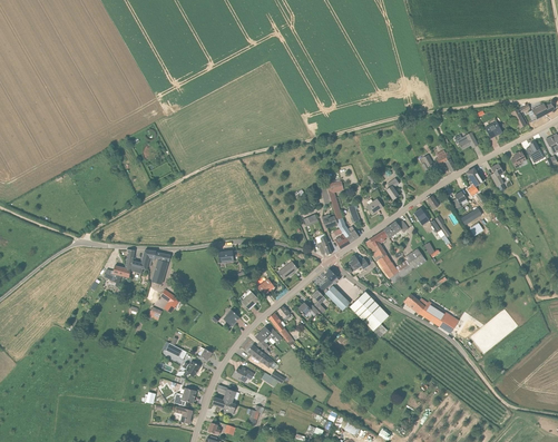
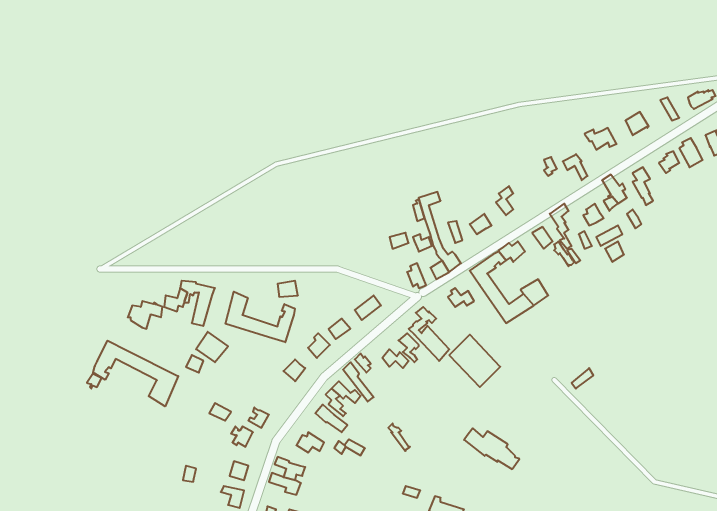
building: none -> [225,292,295,342]
building: [403,293,446,324] -> [464,428,519,469]
building: none -> [93,341,178,406]

